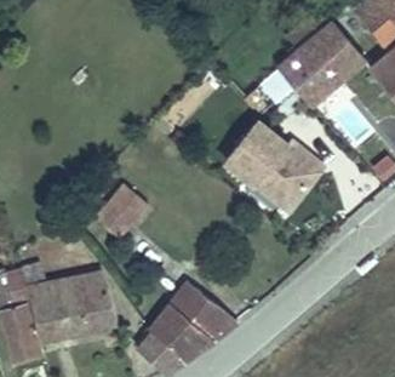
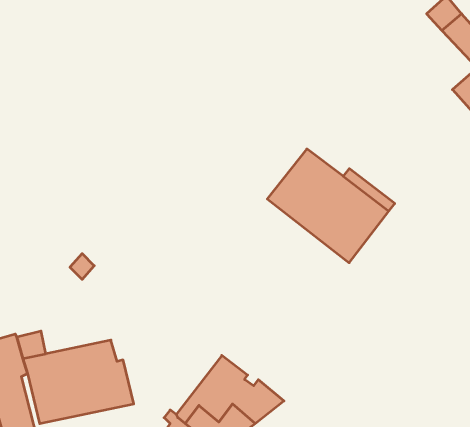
building: [280,23,366,105] -> none
building: [97,184,149,238] -> none

